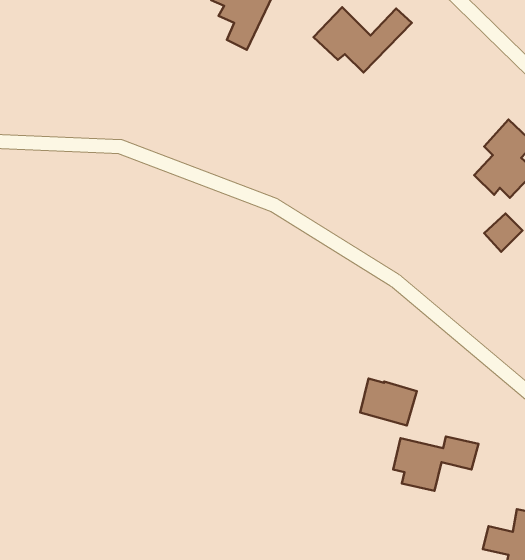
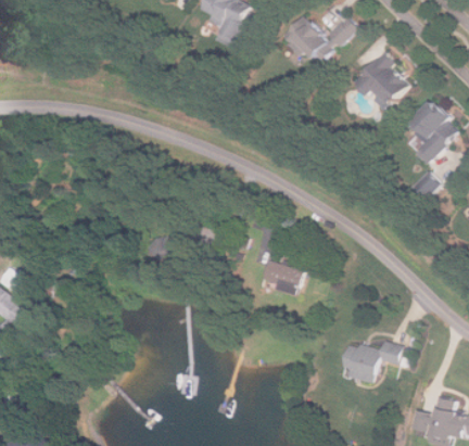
building: none -> [351,52,410,109]
building: [360,379,417,425] -> [259,259,303,295]

